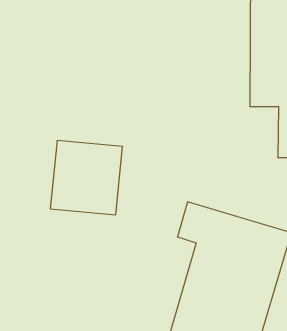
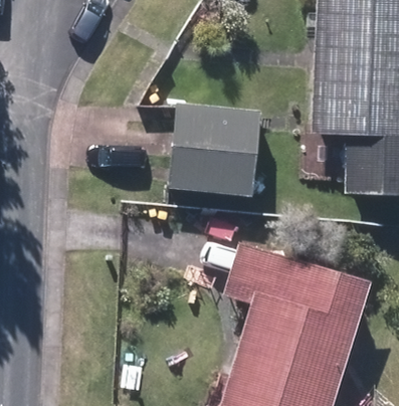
building: [50,141,123,215] -> [175,105,260,192]

